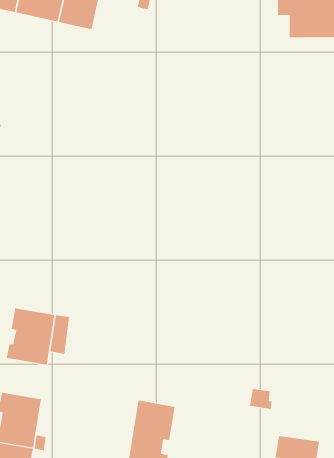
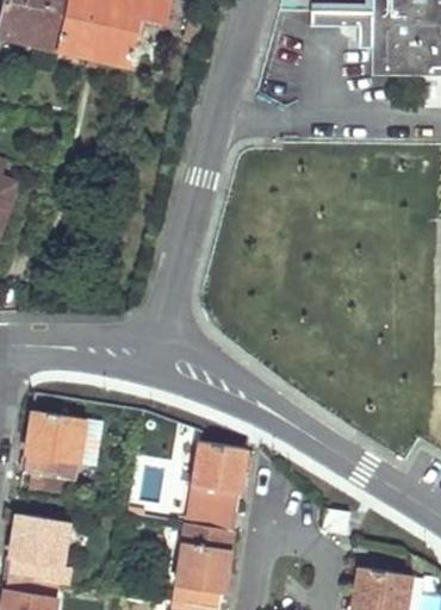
building: none -> [185,440,246,530]

